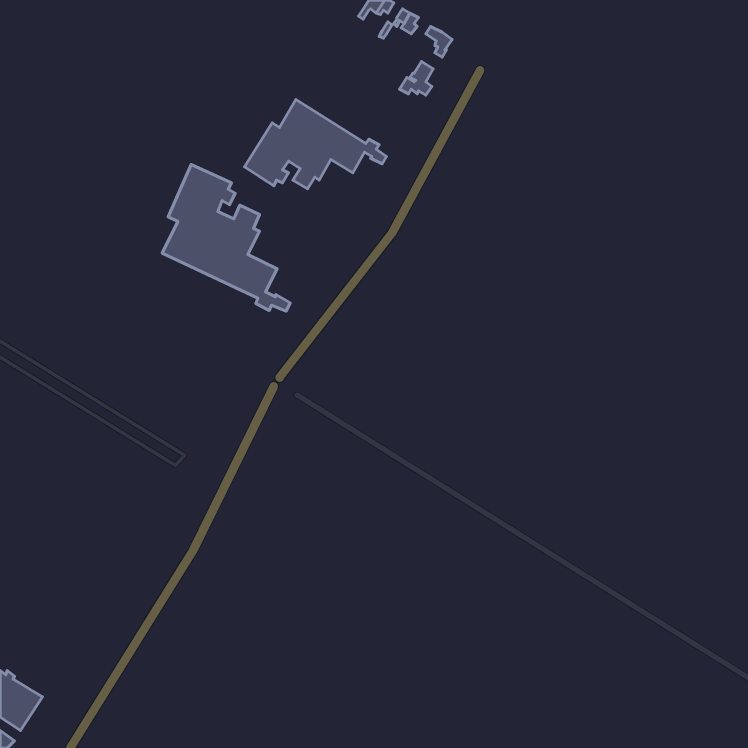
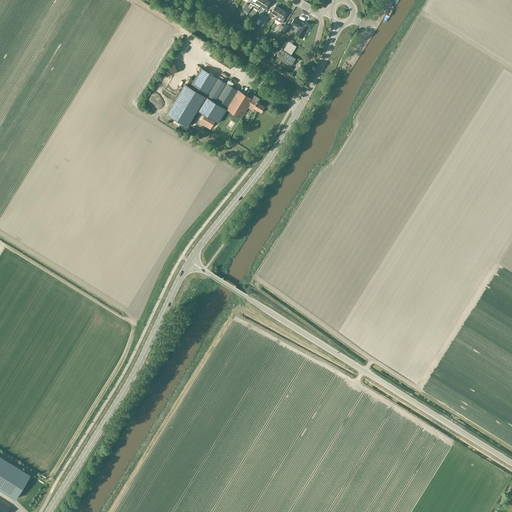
building: [162,164,290,311] -> none

